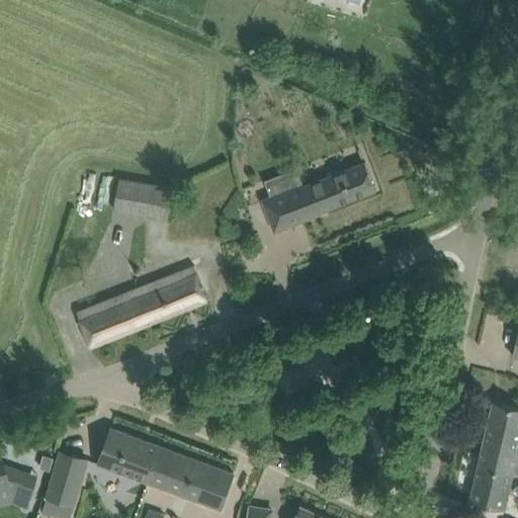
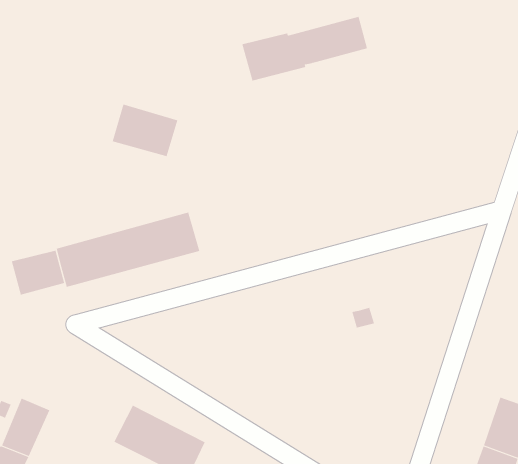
building: [260,164,374,234] -> [242,16,368,81]
building: none -> [11,250,65,295]
building: [98,430,161,484] -> none

